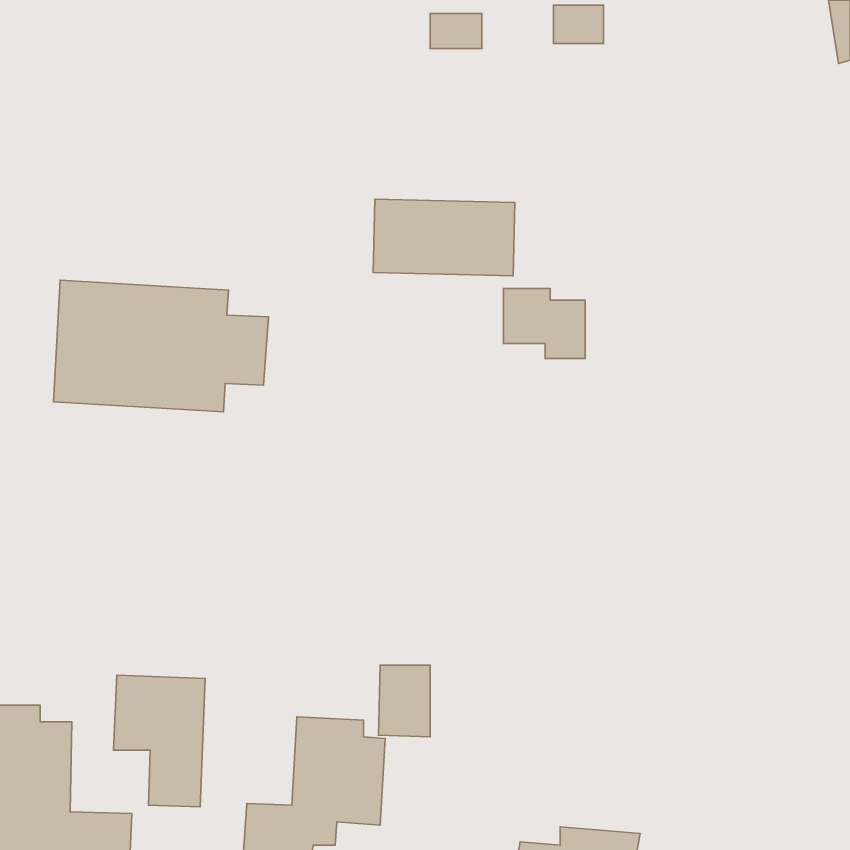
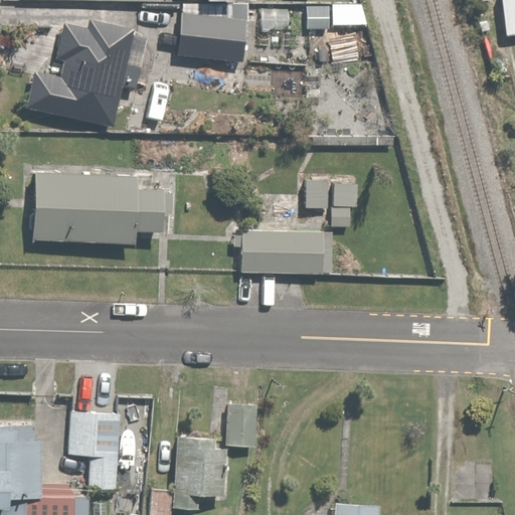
building: none -> [177,6,246,62]
building: none -> [24,20,135,131]
building: [373,199,515,276] -> [239,228,325,275]

